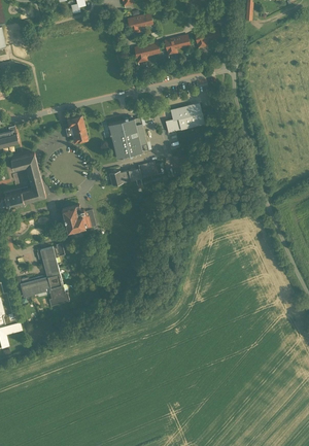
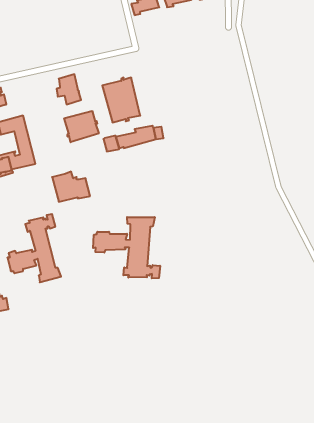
building: [164,102,204,133] -> none
building: none -> [64,111,99,142]
building: none -> [93,217,160,278]

